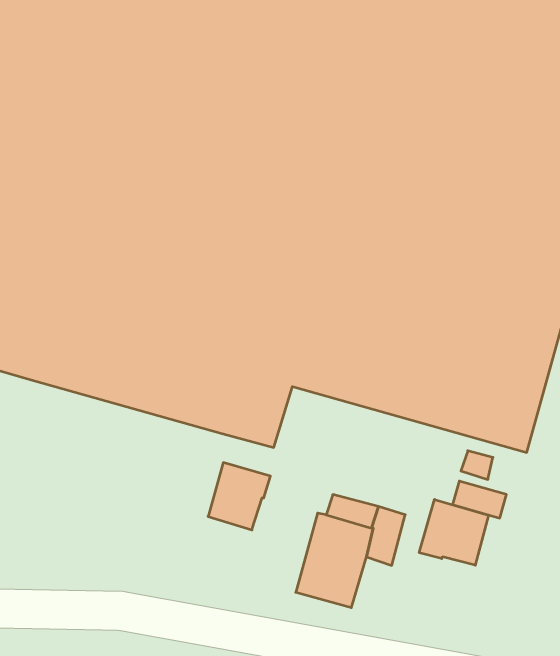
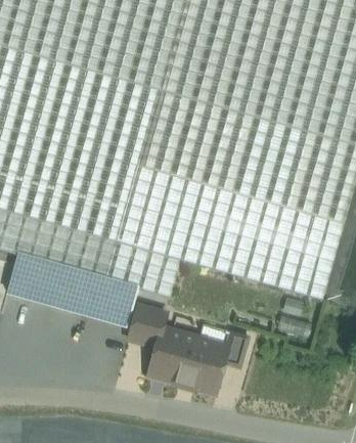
building: none -> [10,257,138,326]
building: none -> [148,328,195,386]
building: [419,499,489,565] -> none

